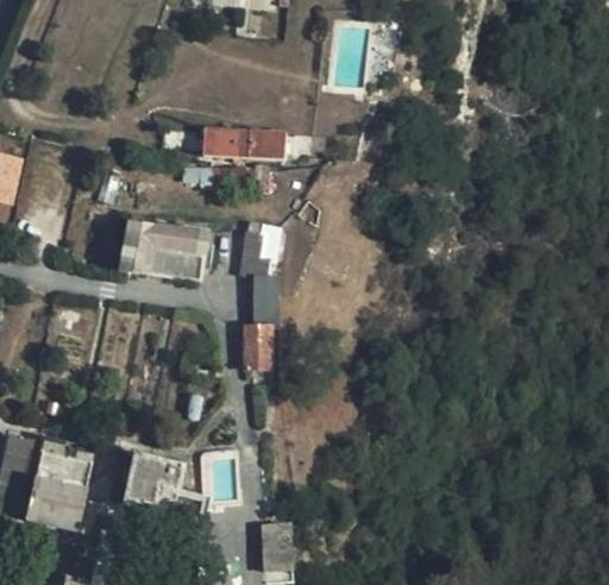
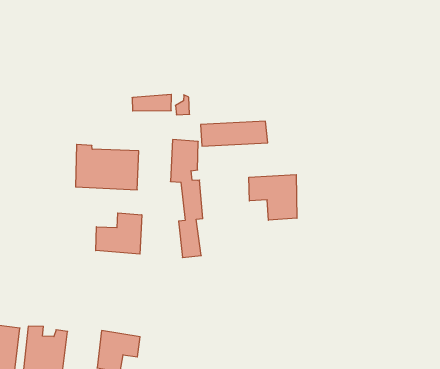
building: [201,126,284,158] -> [201,121,268,146]
building: none -> [249,175,297,220]
building: none -> [96,213,142,254]

